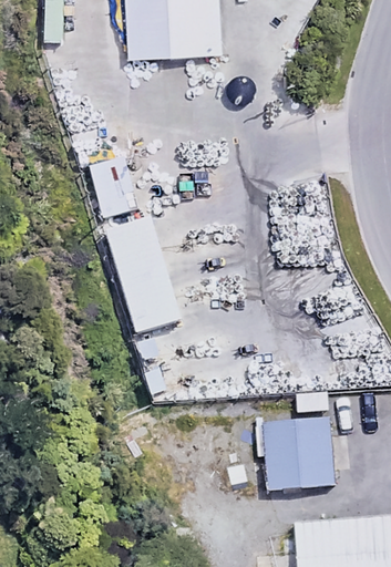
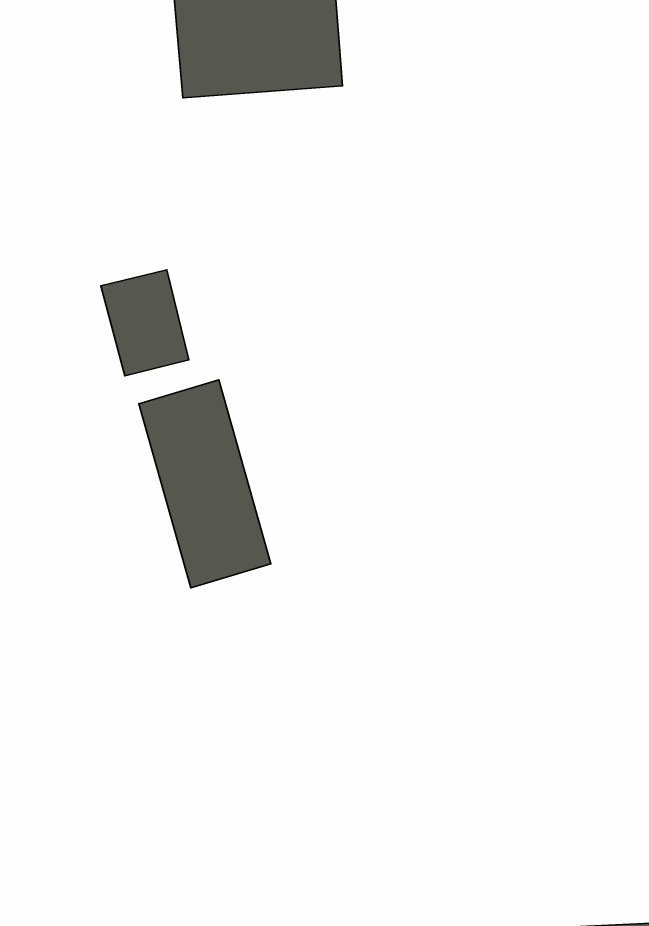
building: [267,421,340,488] -> none

